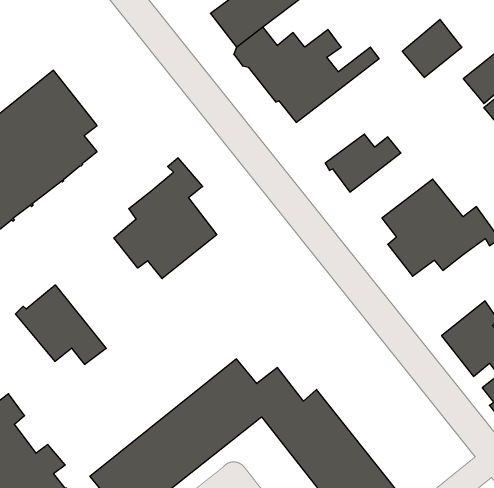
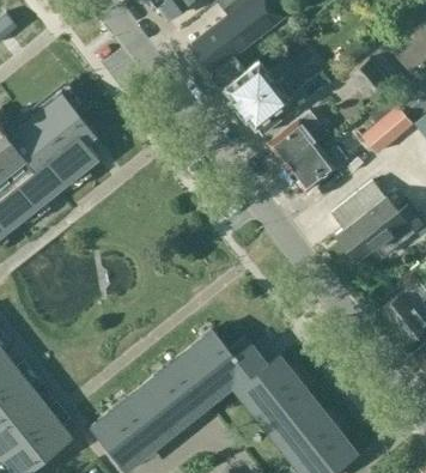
building: none -> [361,107,412,154]
building: none -> [268,113,320,169]
building: [114,158,217,279] -> none
building: [15,285,106,365] -> none

